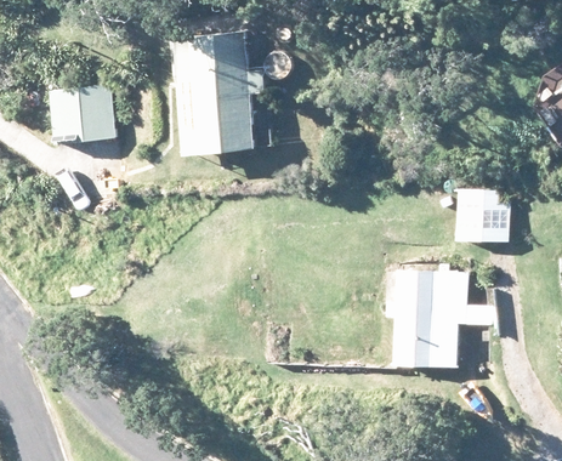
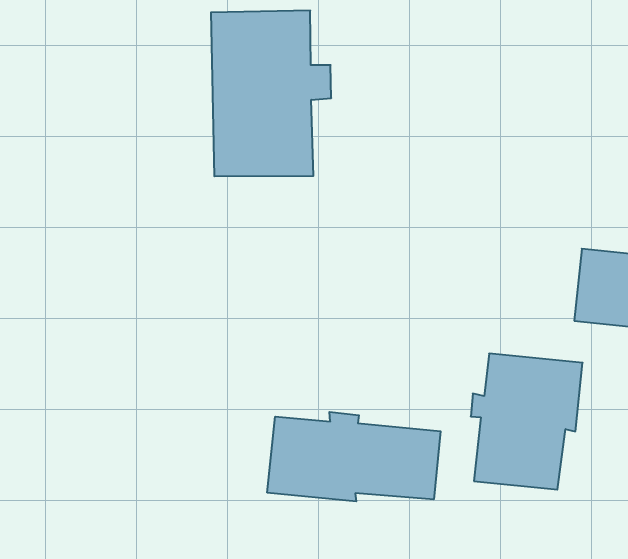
building: [47,84,115,144] -> none
building: none -> [267,412,441,501]

